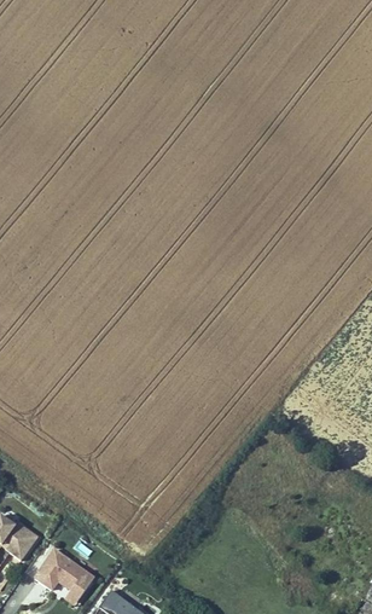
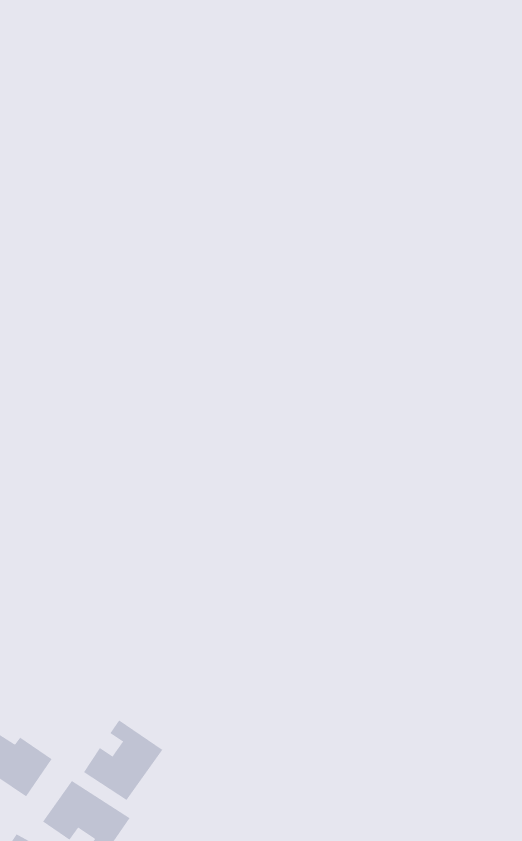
building: none -> [83,720,163,801]

